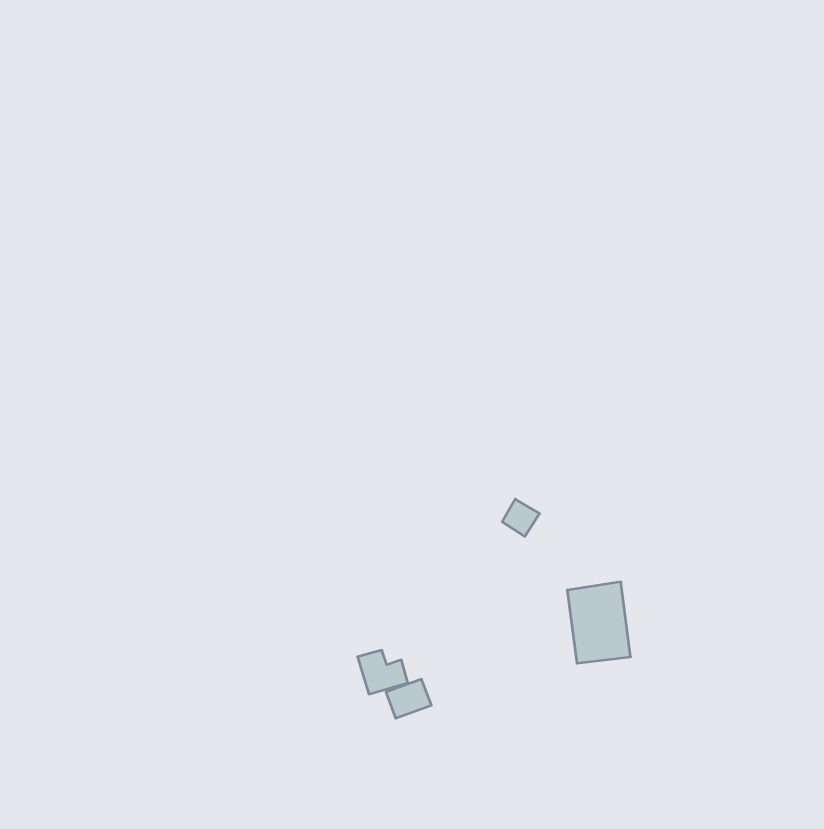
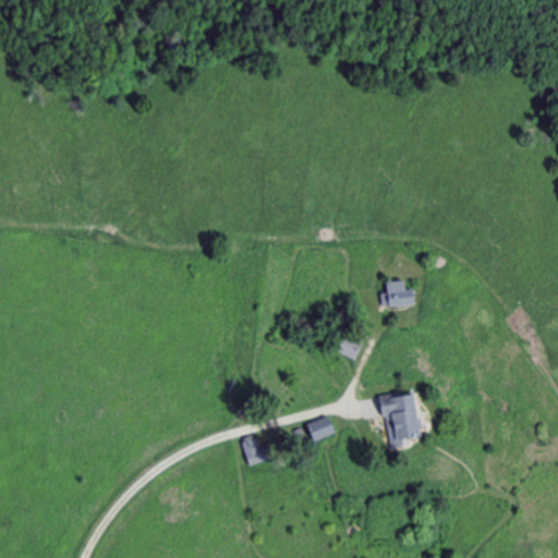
building: none -> [381,281,417,306]
building: [386,679,431,718] -> [306,415,337,441]

